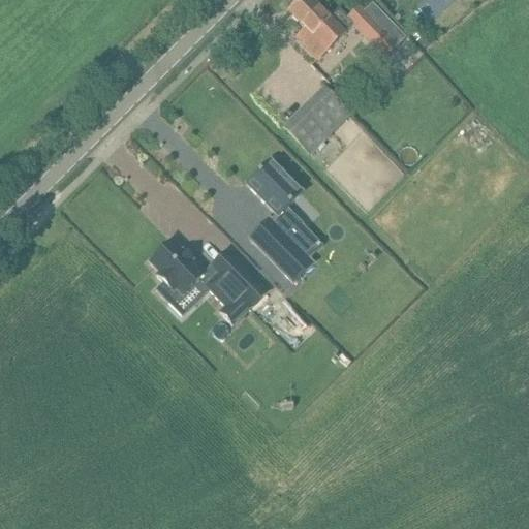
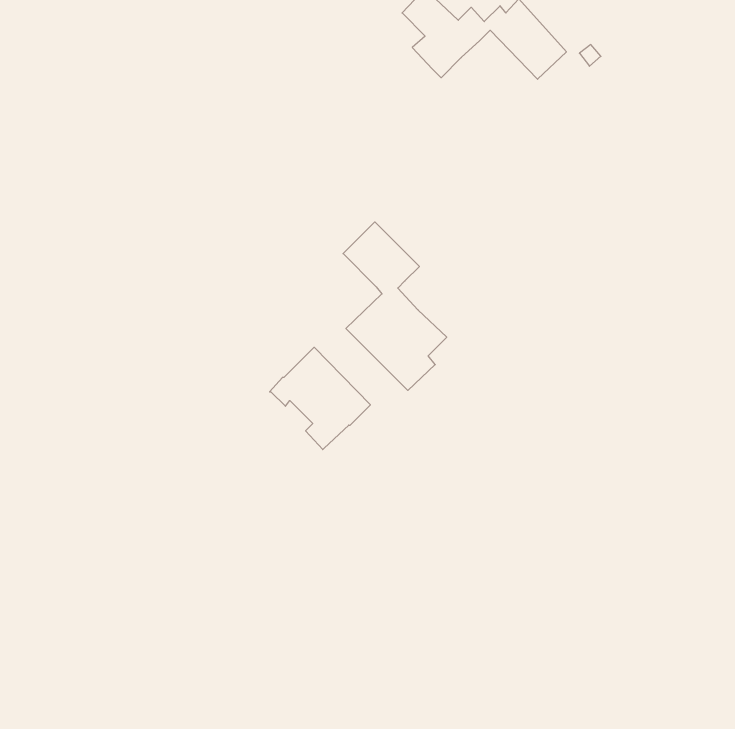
building: [283,85,350,152] -> none
building: [150,239,204,302] -> none

